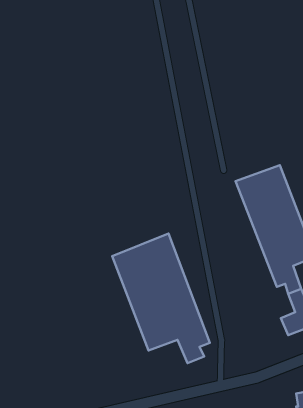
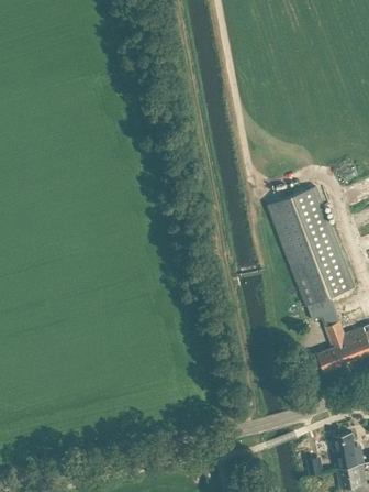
building: [112,234,210,363] -> none

